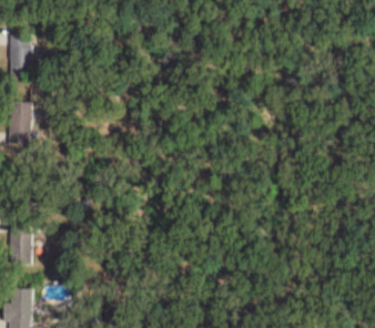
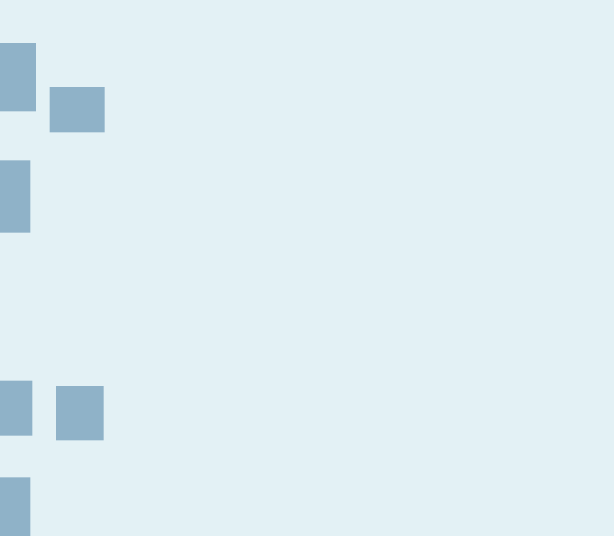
building: none -> [49,86,105,133]
building: none -> [55,385,104,441]

